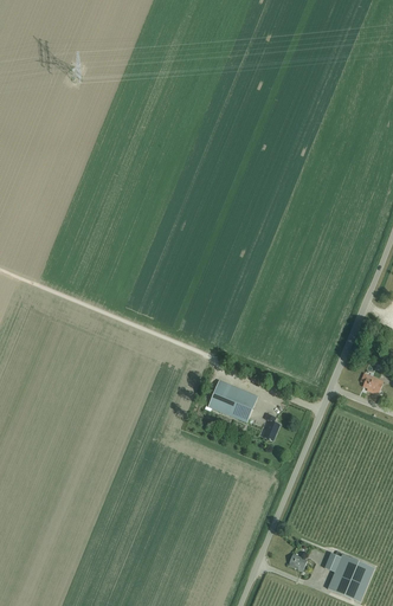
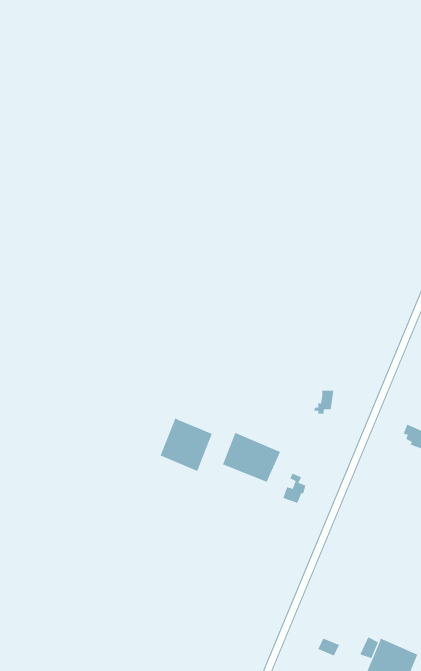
building: none -> [160,418,213,472]

